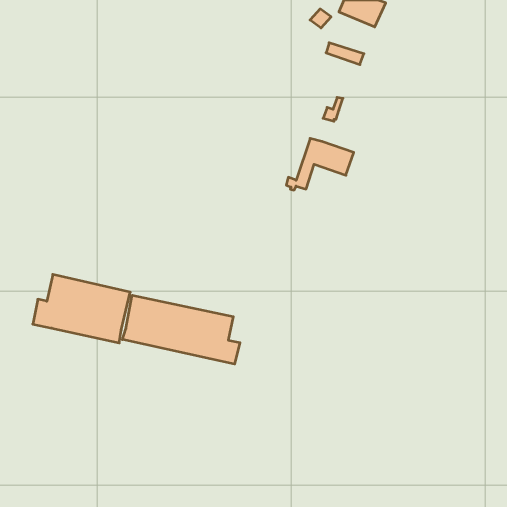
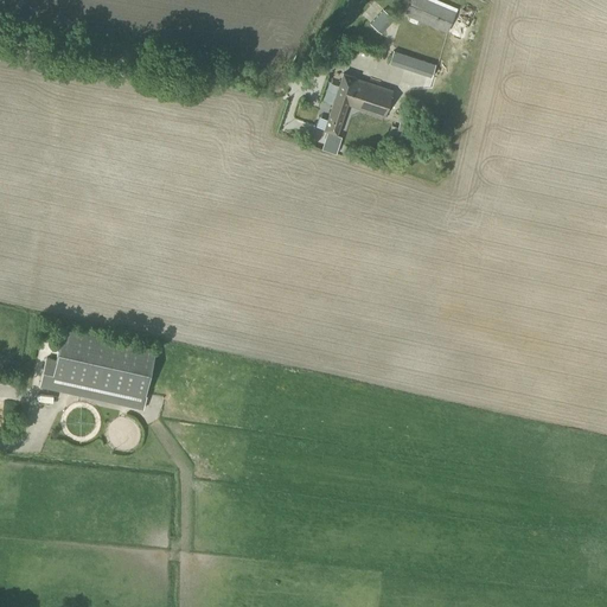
building: [286,138,354,190] -> [314,75,395,136]
building: [122,295,240,364] -> none

